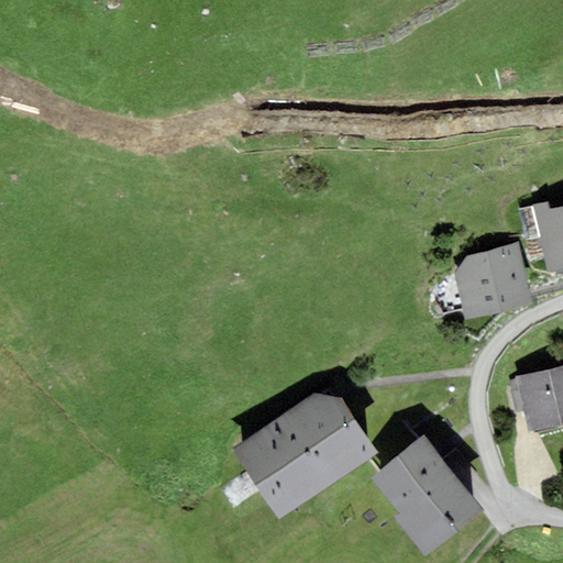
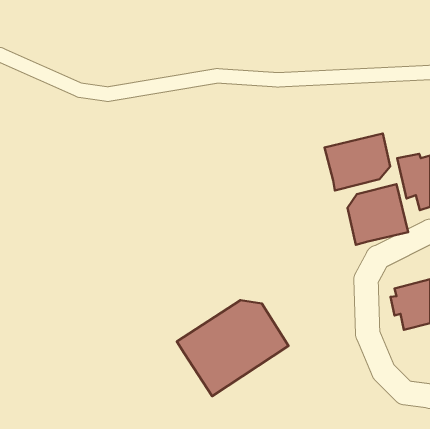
building: none -> [324,134,390,190]
building: [372,434,483,555] -> none

